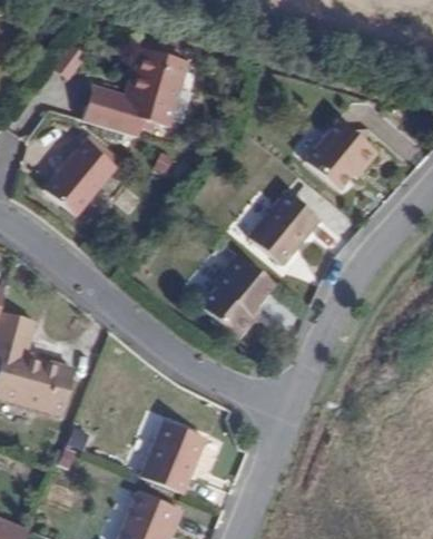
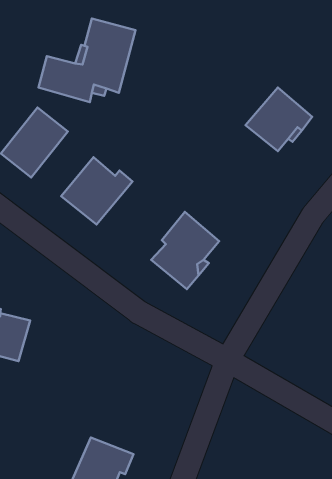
building: [248,190,322,265] -> none
building: none -> [61,157,133,224]
building: [142,420,206,492] -> none

